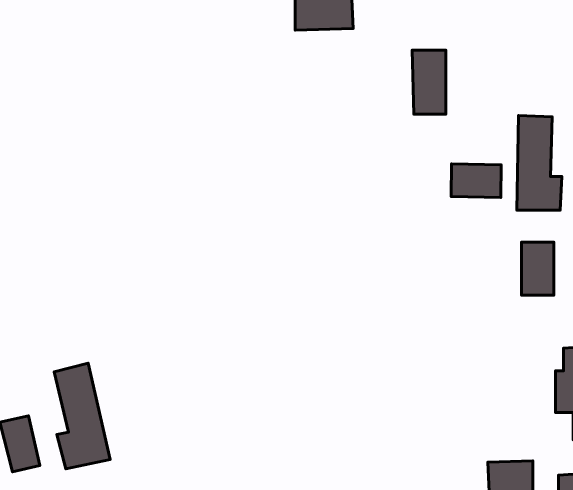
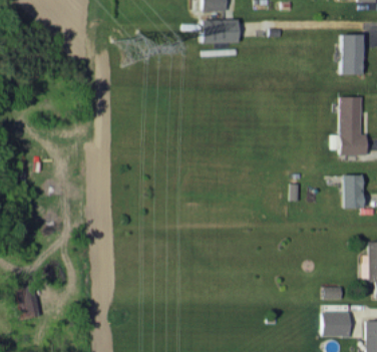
building: [412,50,446,114] -> [341,34,362,74]
building: [451,164,501,197] -> none
building: [54,363,110,469] -> none

